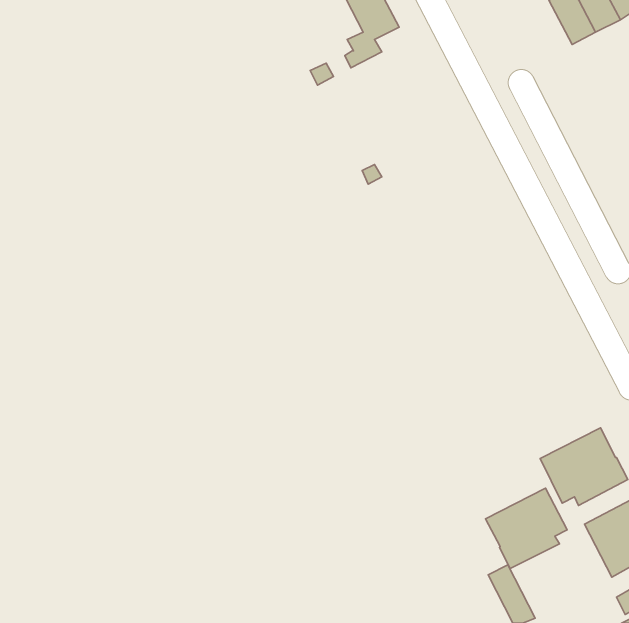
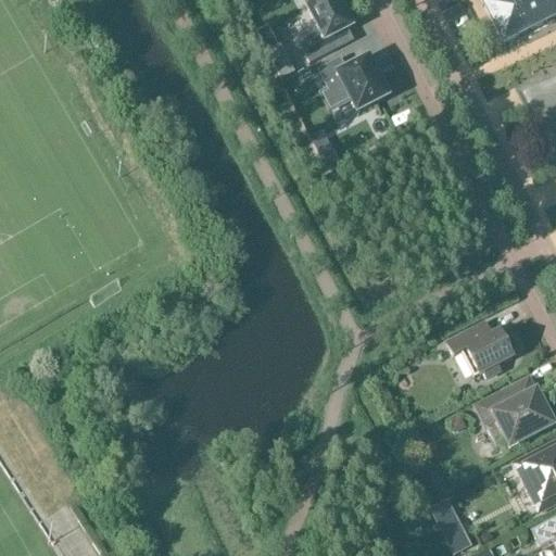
building: none -> [319,54,390,111]
building: none -> [447,320,516,376]
building: [486,488,567,568] -> none

